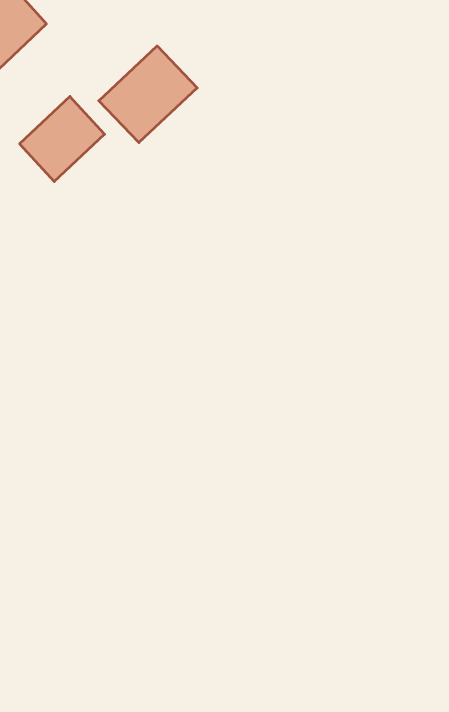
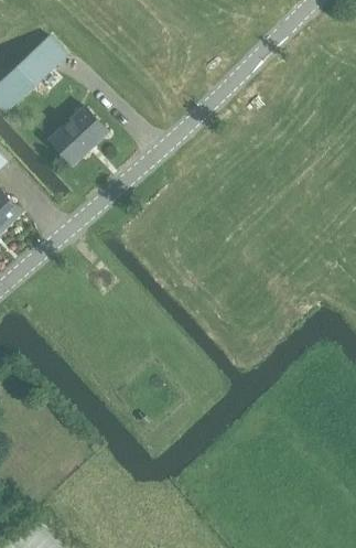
building: [99,46,197,143] -> none

